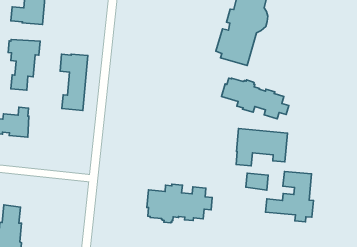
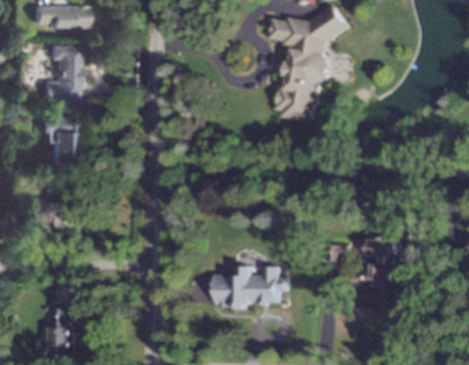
building: [60,54,88,111] -> none
building: [221,78,289,119] -> none
building: [236,129,288,166] -> none

